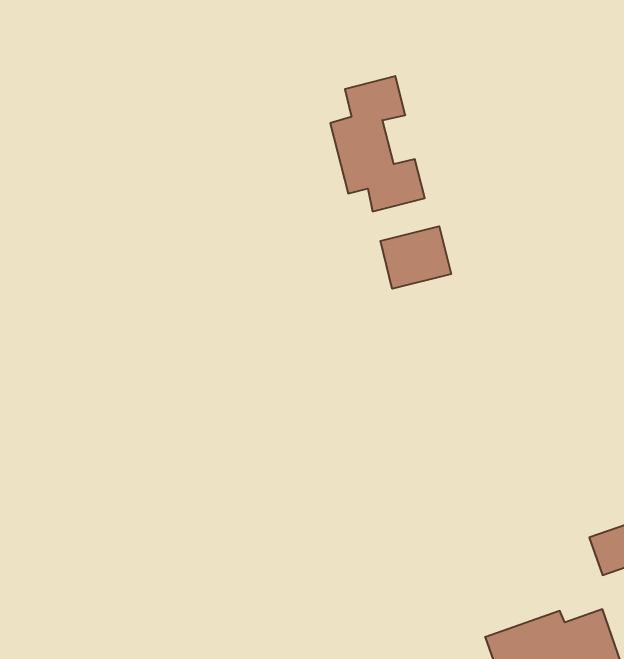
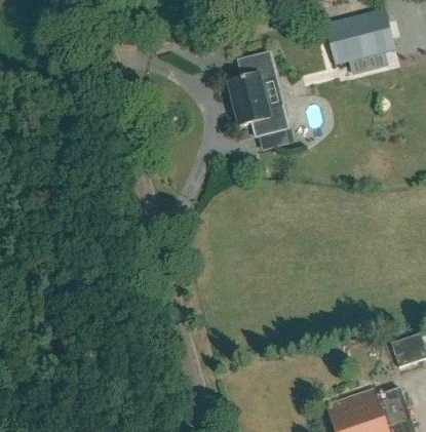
building: none -> [324,9,394,63]
building: [380,226,451,289] -> none

